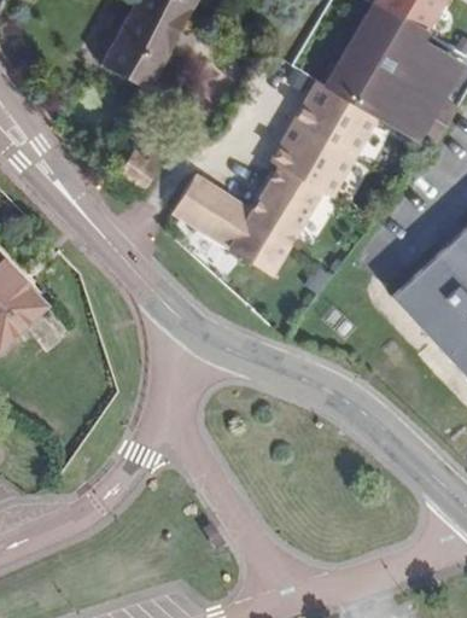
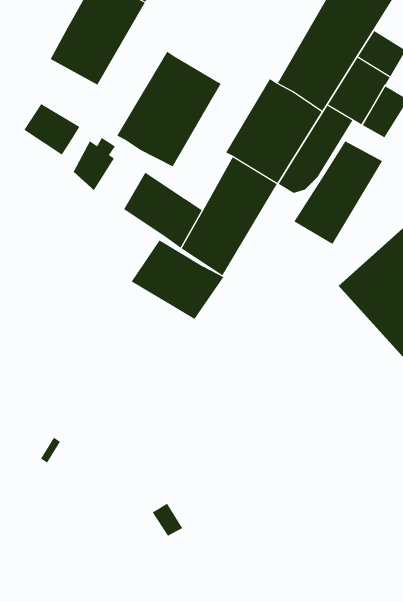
building: none -> [116,51,222,167]
building: none -> [24,103,80,156]
building: none -> [294,140,383,245]
building: none -> [131,240,224,320]

